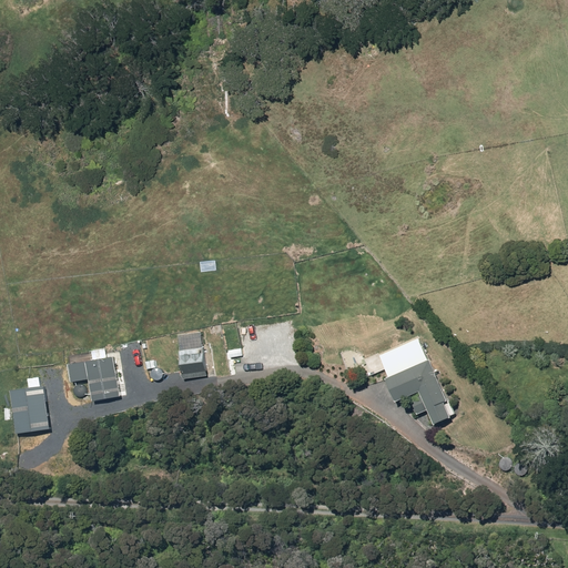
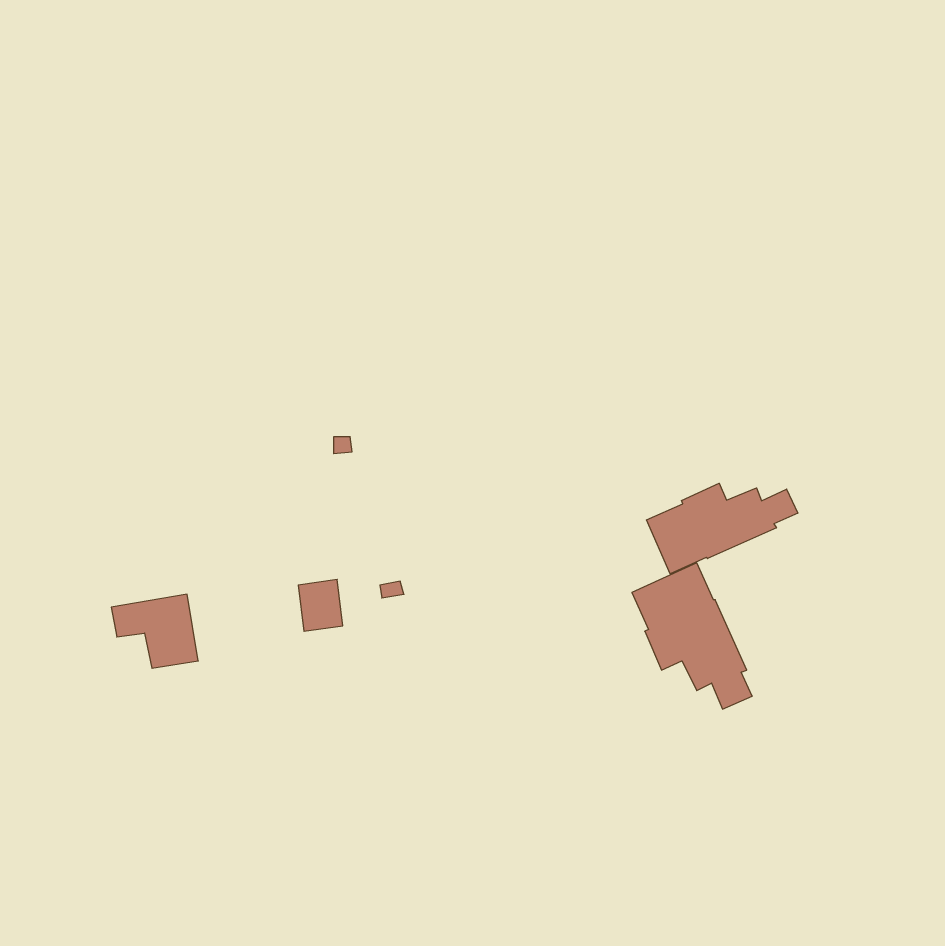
building: none -> [647,483,798,574]
building: [9,385,48,433] -> none

